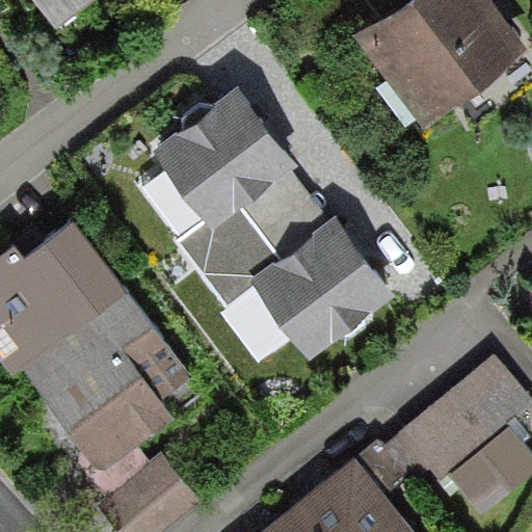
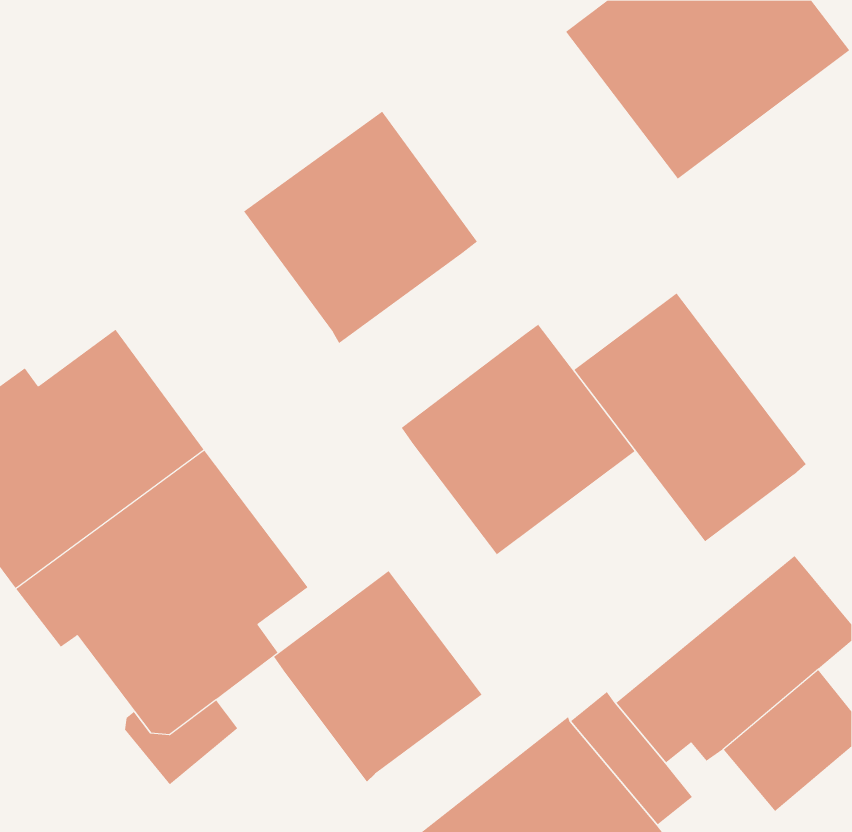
building: [174,172,325,312] -> none
building: none -> [573,293,807,542]
building: none -> [273,570,483,782]

